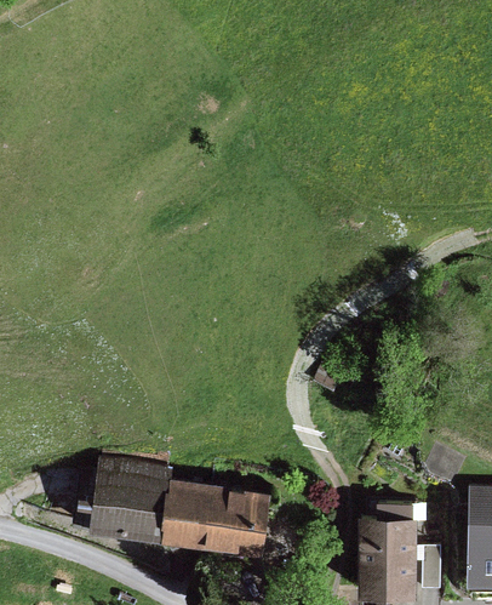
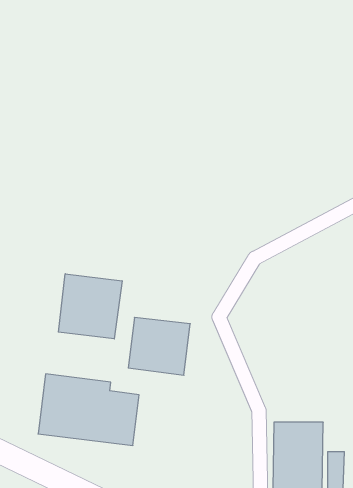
building: none -> [58,274,122,339]
building: [196,485,268,552] -> [128,317,190,375]

